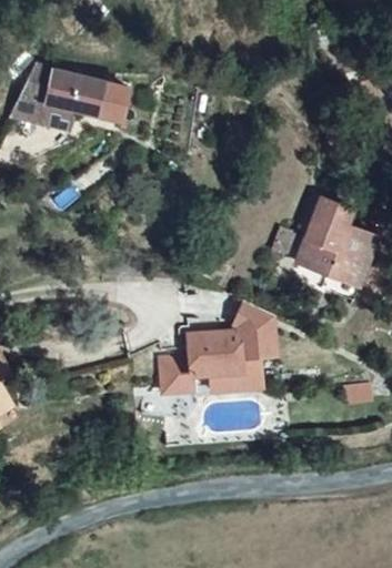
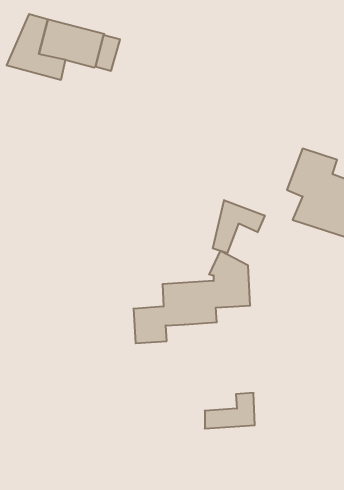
building: none -> [213,200,265,253]
building: [201,356,251,392] -> [205,393,255,429]

